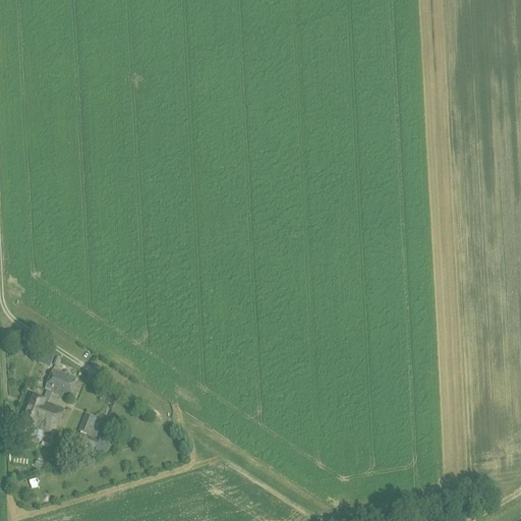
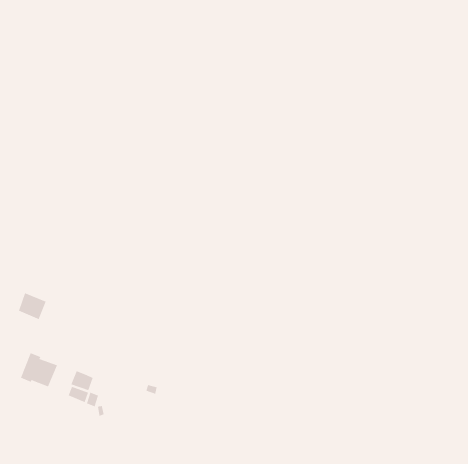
building: [45,365,76,396] -> [18,292,47,320]

